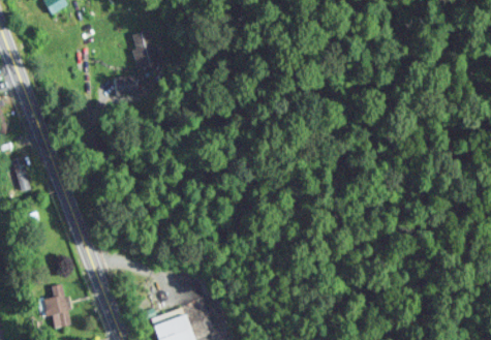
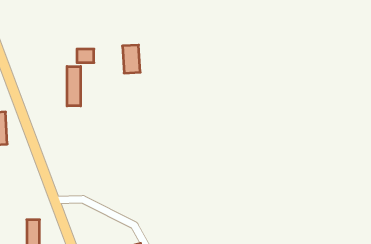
building: [132,33,154,67] -> [122,45,140,73]
building: none -> [67,66,81,106]

